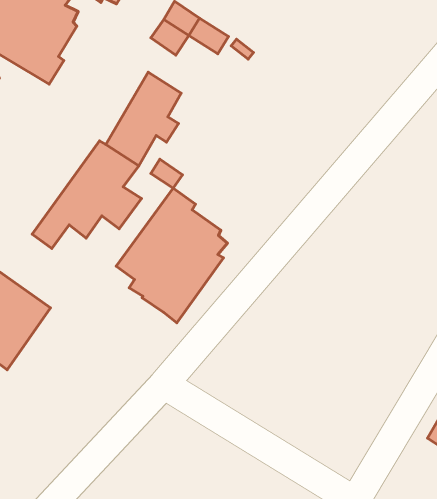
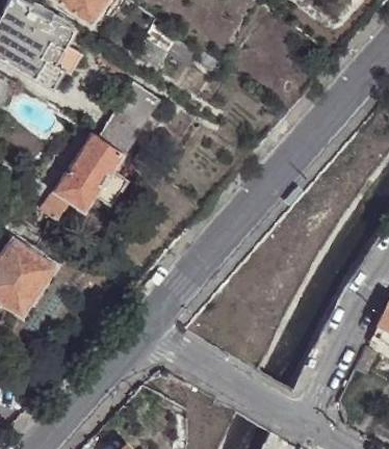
building: [116,188,227,323] -> none

